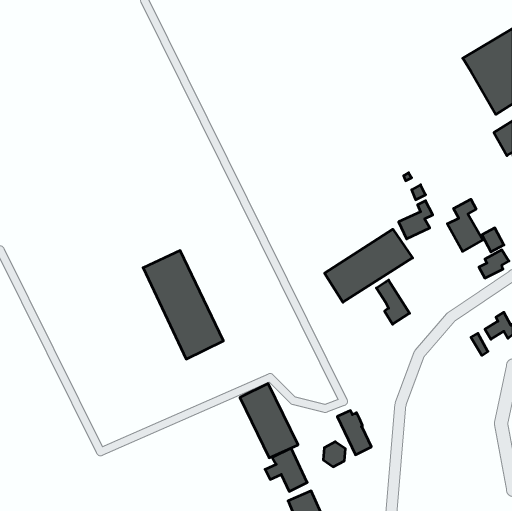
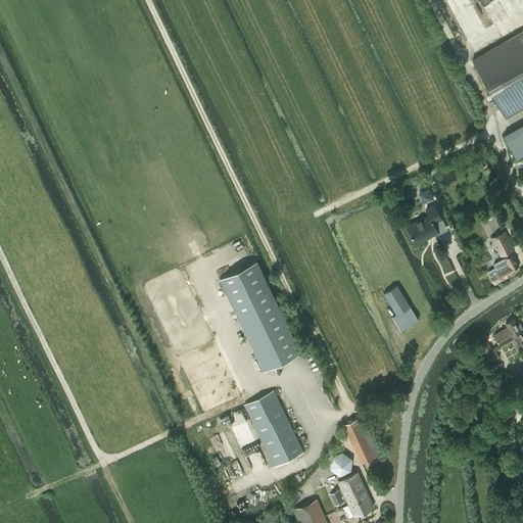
building: [447,199,483,251] -> none
building: [325,229,413,302] -> none
building: [143,251,223,359] -> [220,263,301,373]
building: [265,448,307,491] -> [331,474,374,518]

